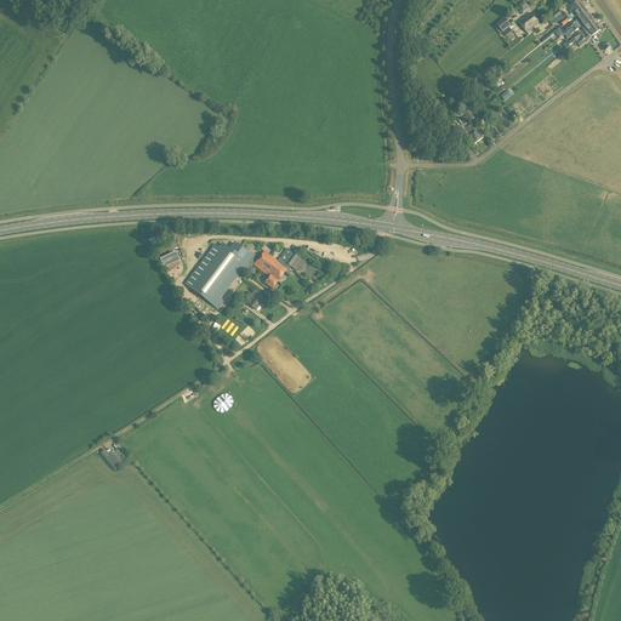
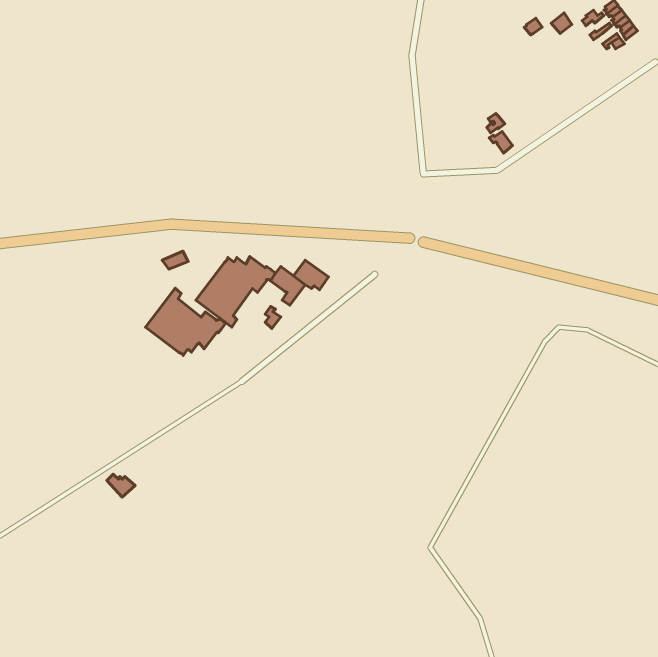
building: none -> [145,288,226,356]

